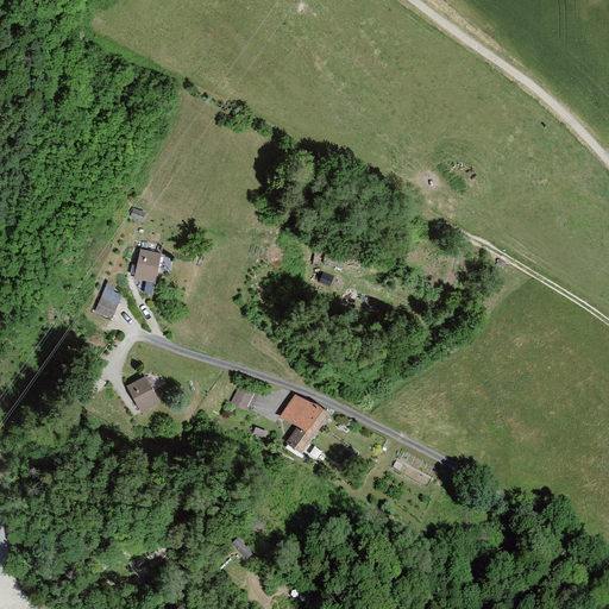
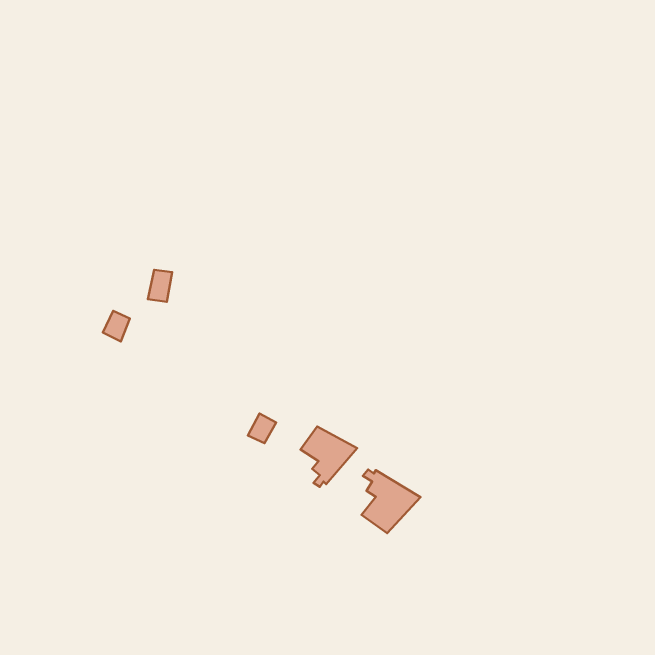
building: [126,375,159,410] -> none
building: none -> [361,470,421,533]

